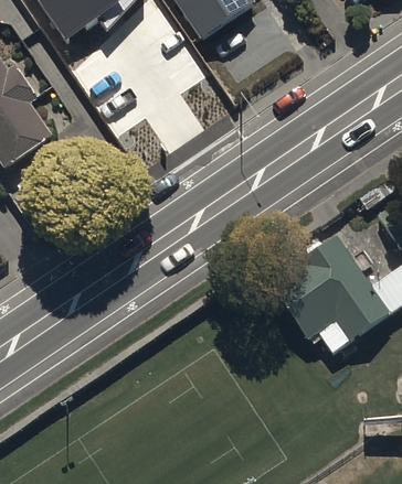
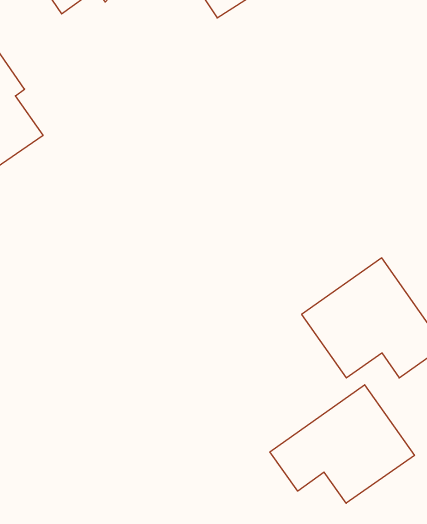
building: none -> [270,385,414,503]

